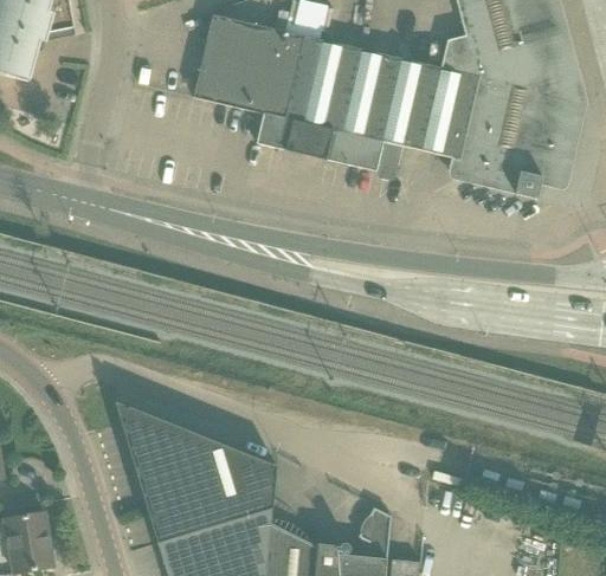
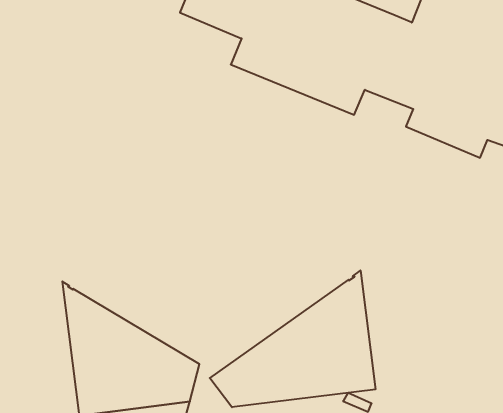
building: none -> [210,270,375,407]

